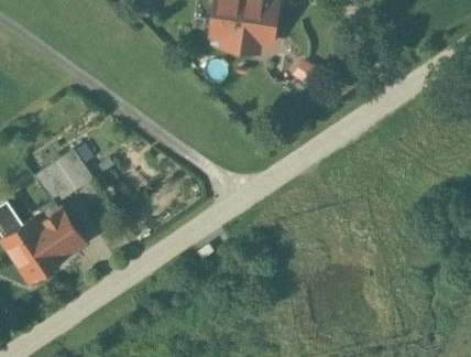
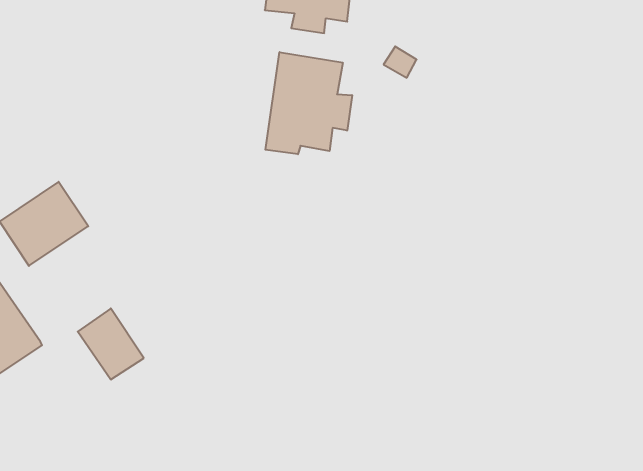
building: none -> [265,52,352,154]
building: [41,210,85,258] -> [78,308,144,379]

